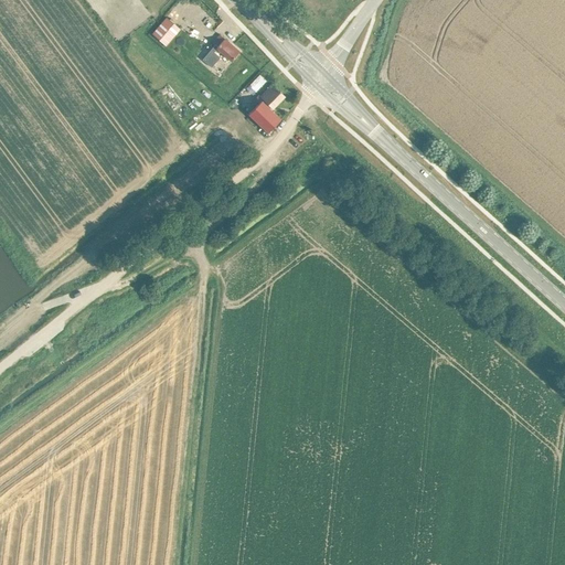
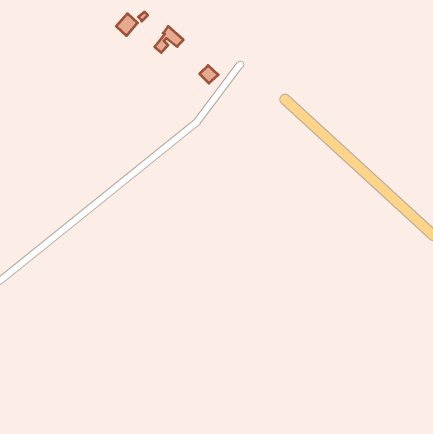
building: [249,103,279,132] -> none

